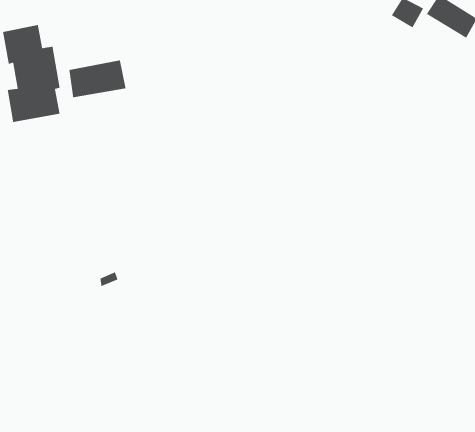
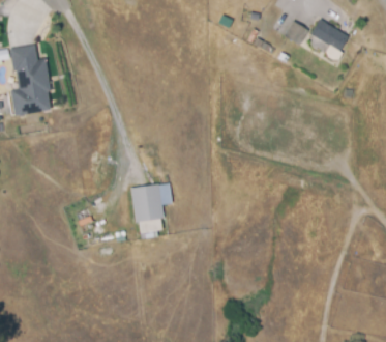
building: [68,59,126,98] -> none
building: none -> [130,184,173,225]

